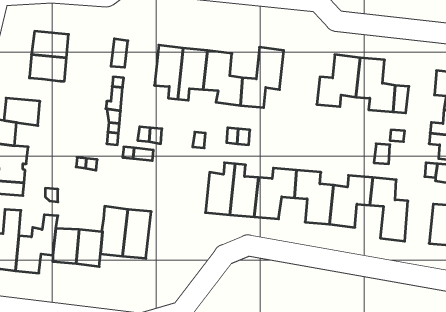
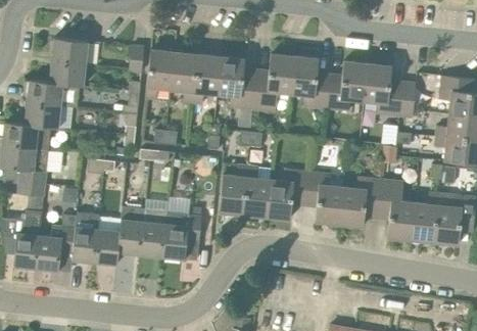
building: none -> [146,49,175,99]
building: none -> [291,56,330,108]
building: none -> [28,80,80,108]
building: none -> [412,192,440,242]
building: none -> [162,211,202,259]

